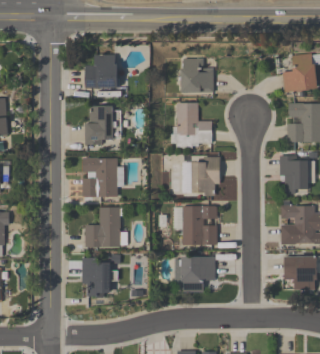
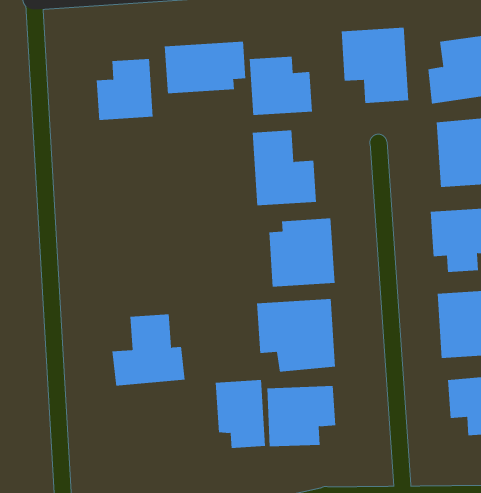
building: none -> [341,27,409,104]
building: none -> [164,41,246,94]
building: [85,105,120,144] -> none
building: [82,157,124,197] -> none
building: [82,257,110,297] -> [215,379,266,448]

